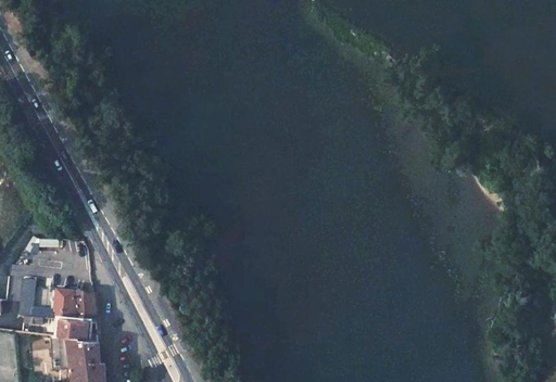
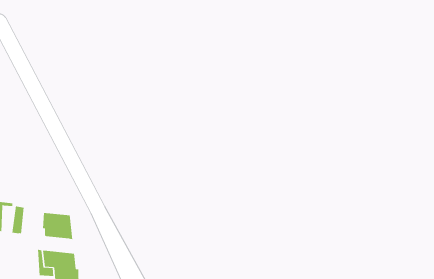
building: [59,320,98,342] -> none

